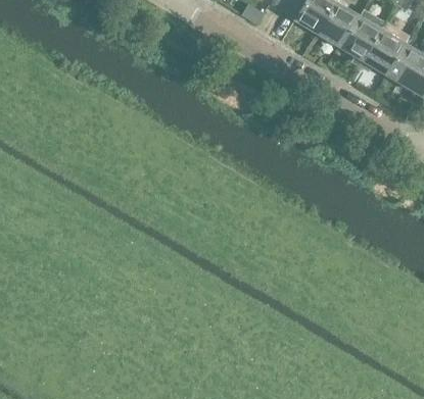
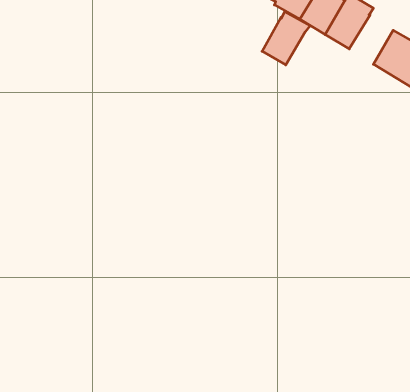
building: none -> [262,11,310,65]
building: [364,29,405,74] -> none

